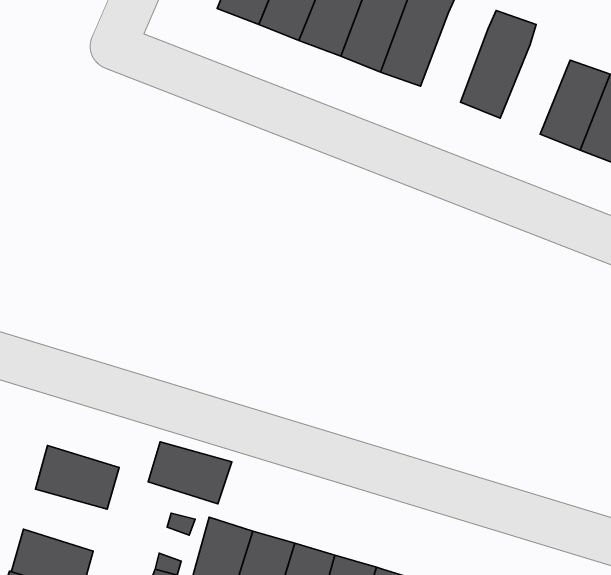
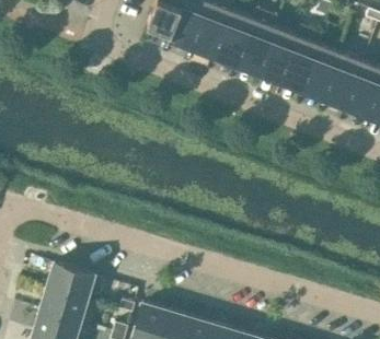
building: none -> [258,26,296,75]
building: none -> [302,44,341,93]
building: [148,442,232,504] -> [41,288,87,322]

